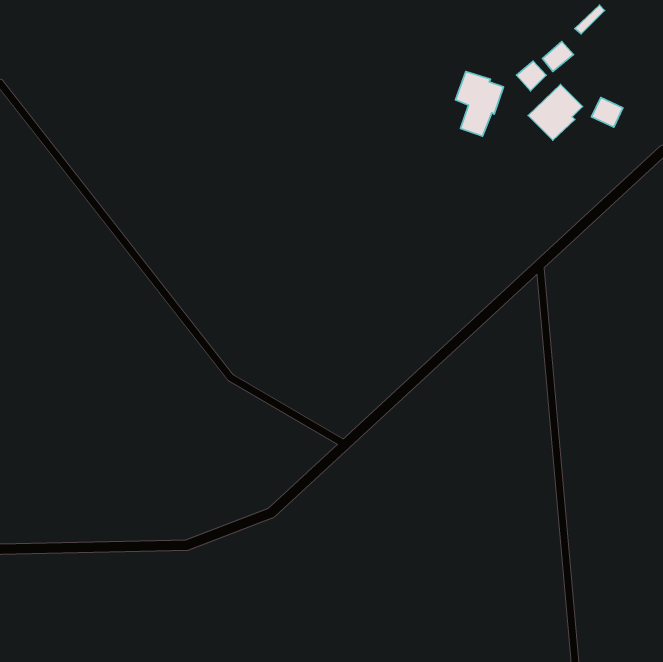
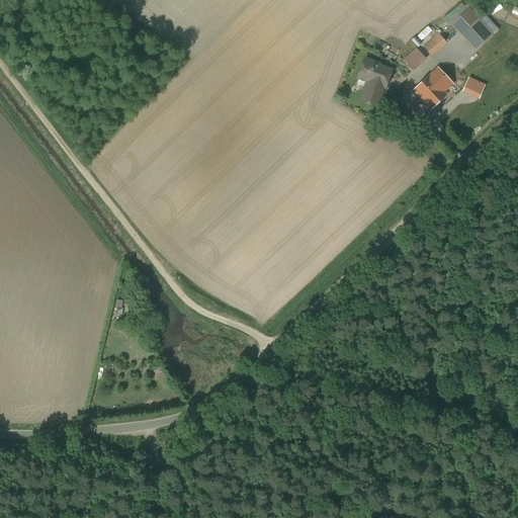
building: none -> [460,13,499,52]

